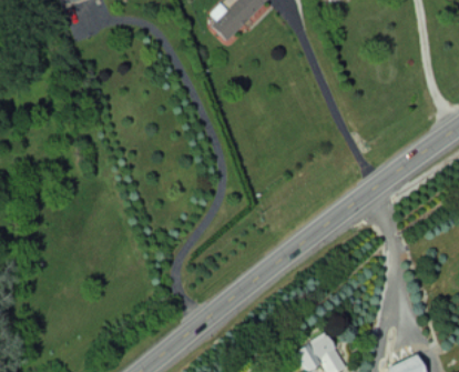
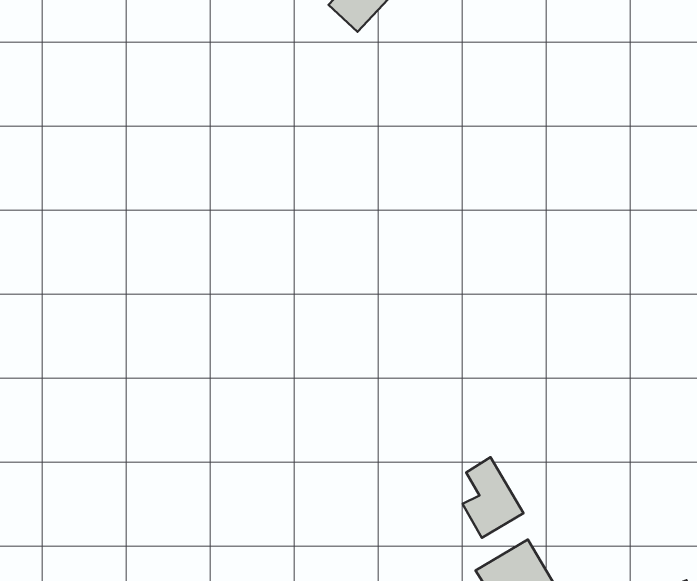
building: none -> [463,457,523,538]

